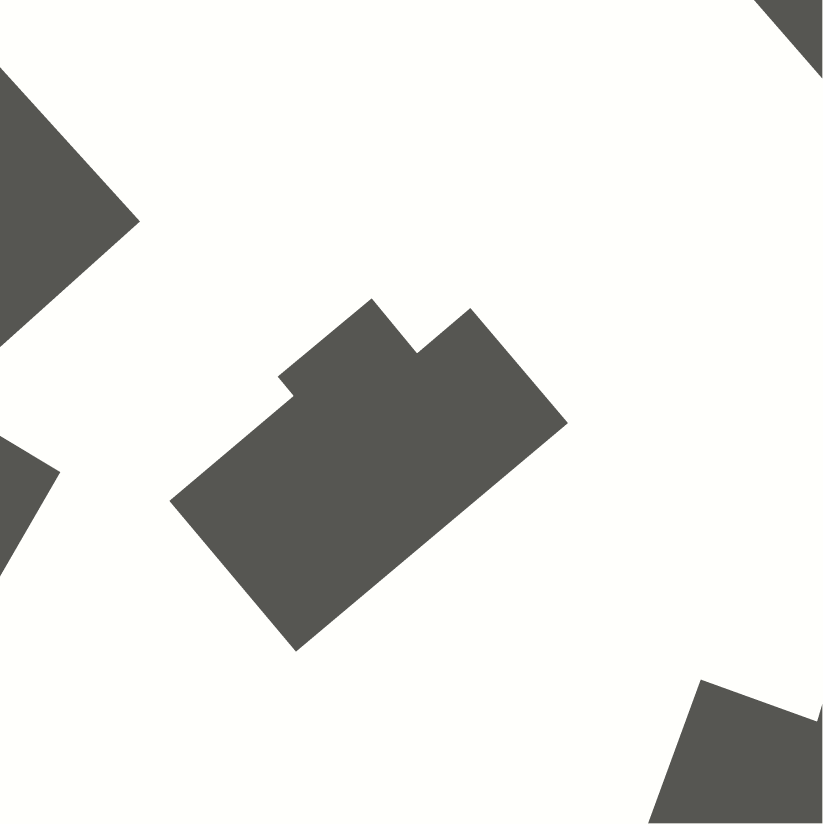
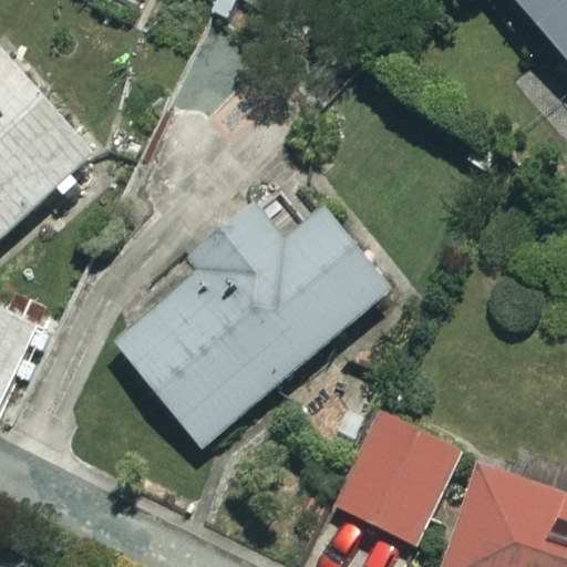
building: none -> [331,410,460,543]

